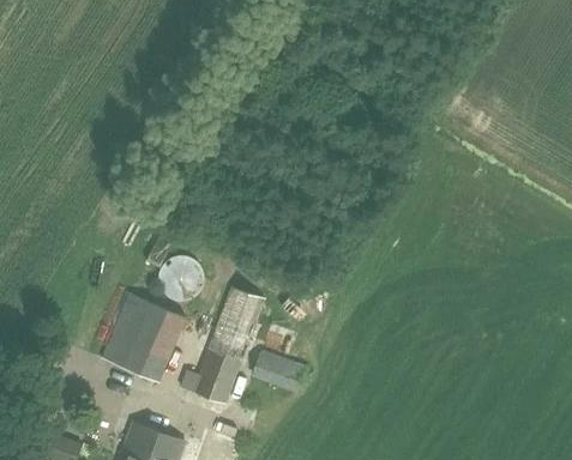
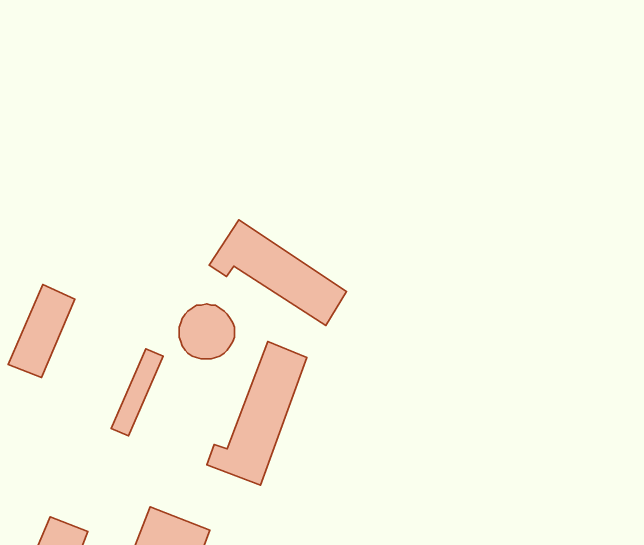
building: none -> [209,220,347,326]
building: [116,298,171,375] -> [8,285,75,377]
building: [252,350,306,392] -> none

